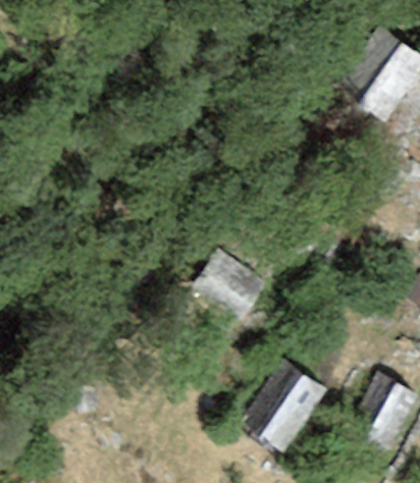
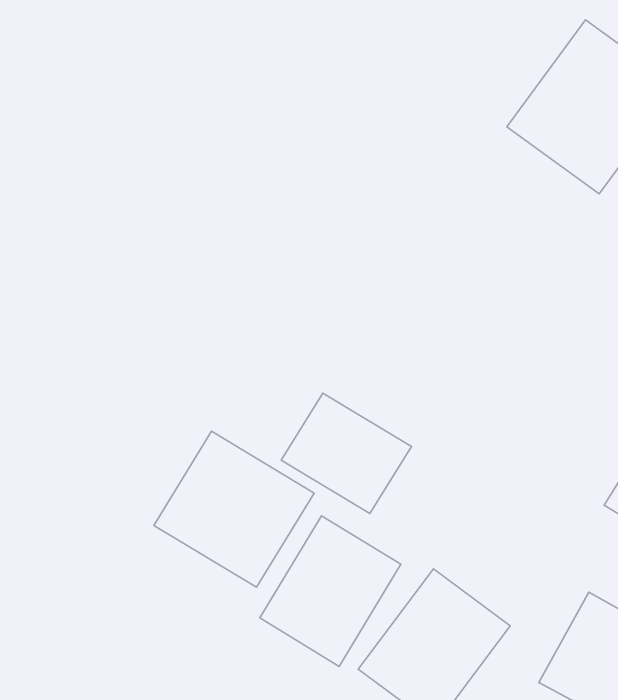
building: none -> [154,431,314,587]
building: none -> [260,516,401,667]

